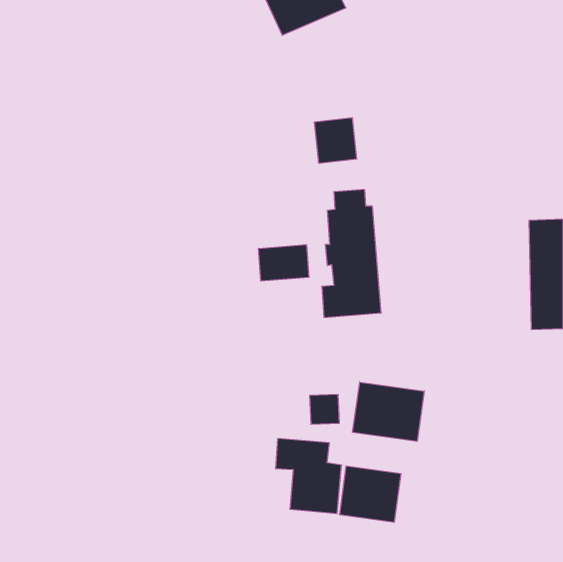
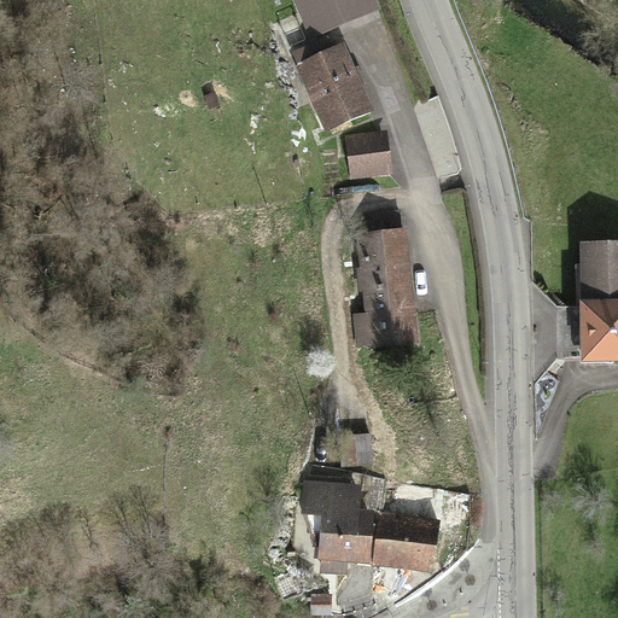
building: none -> [291,34,374,133]
building: [259,245,309,281] -> none
building: [353,382,424,441] -> none

